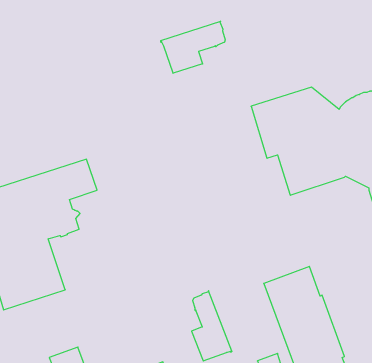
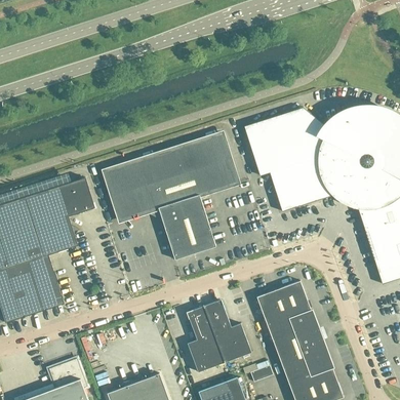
building: [161,21,225,73] -> none
building: none -> [103,132,238,259]
building: none -> [202,299,250,362]

